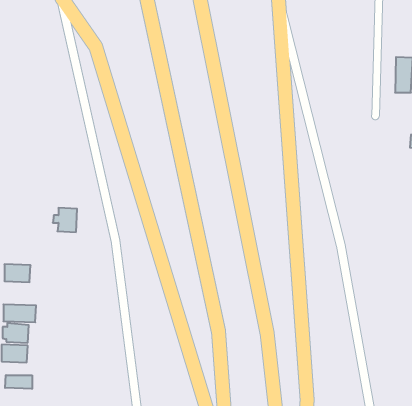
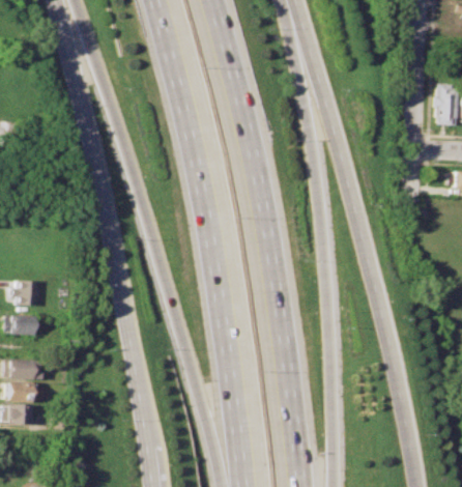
building: [53,208,77,232] -> [12,280,39,307]
building: [5,375,32,389] -> none

